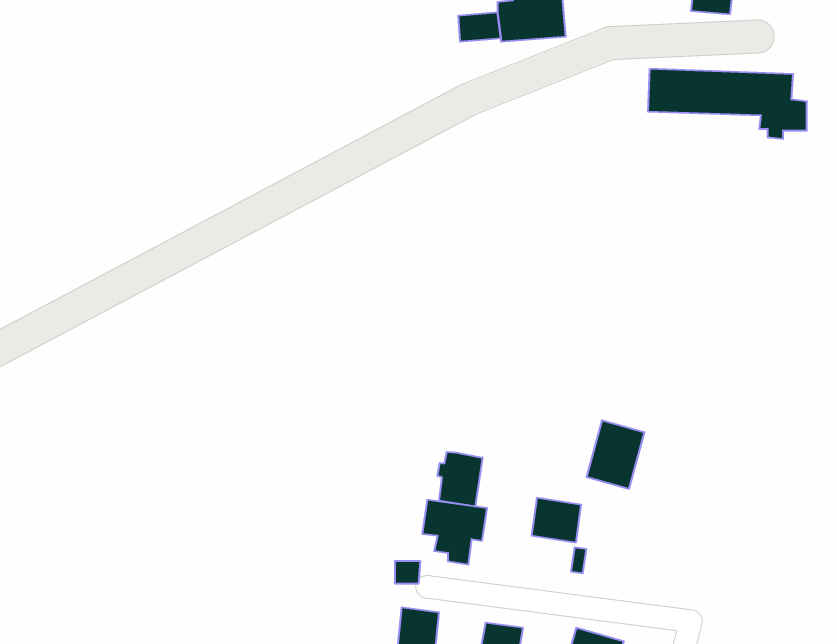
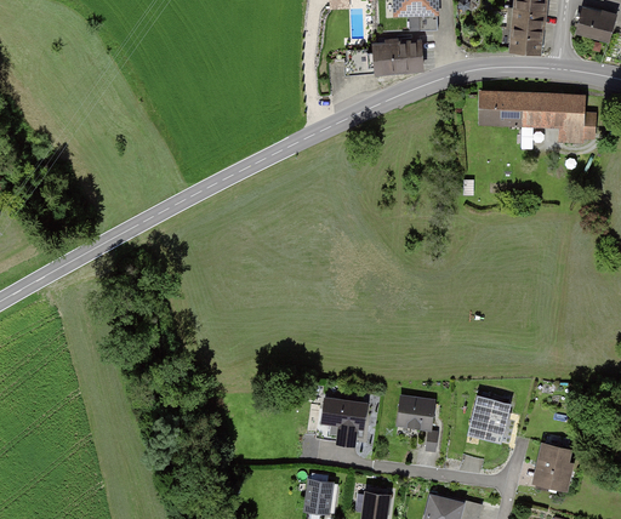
building: [586,420,645,489] -> [468,395,509,444]
building: [438,452,482,507] -> none
building: none -> [531,444,571,491]

